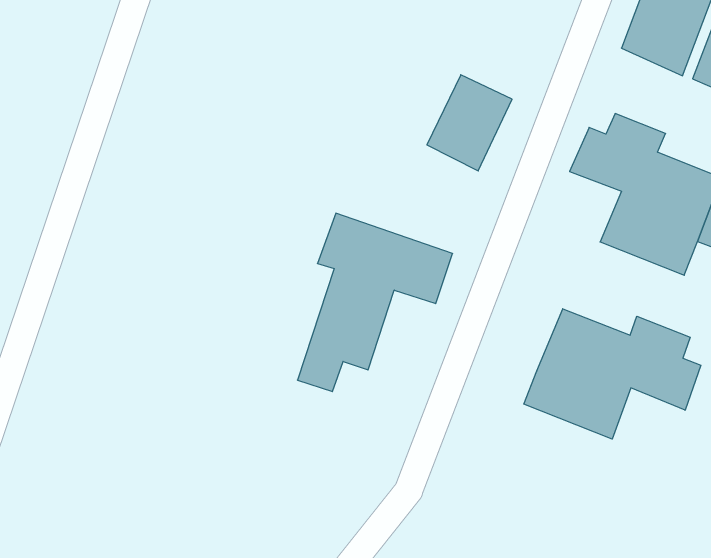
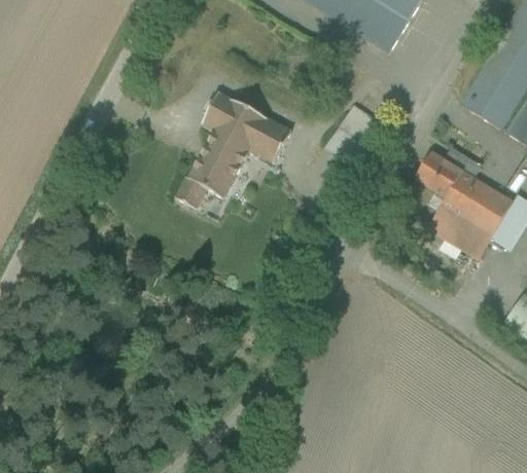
building: [297,213,453,392] -> [176,93,291,209]
building: [524,309,701,439] -> none

